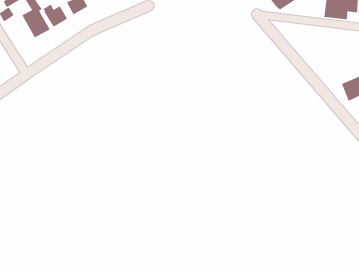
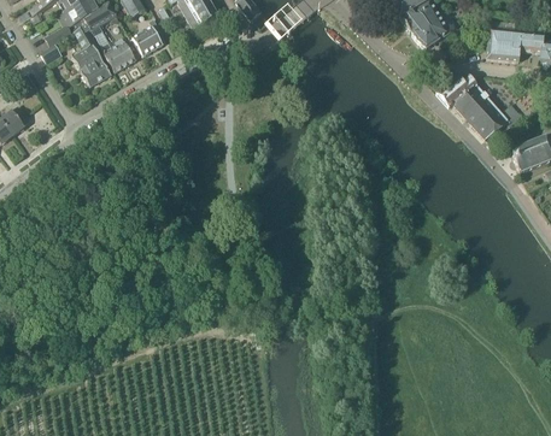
building: none -> [436,72,521,137]

